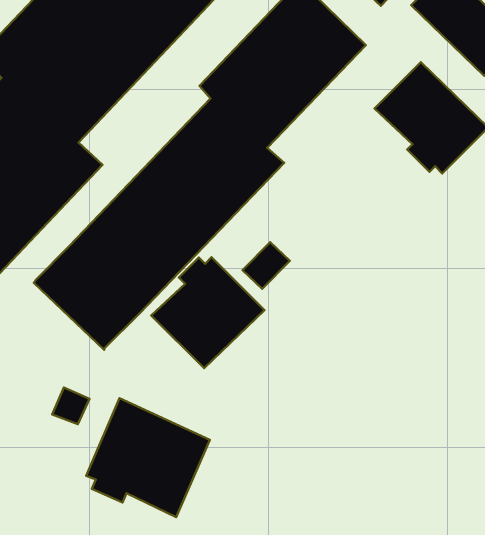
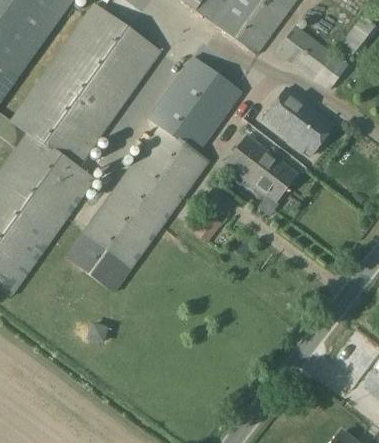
building: none -> [225,135,297,207]
building: [151,257,265,368] -> none
building: [86,398,210,517] -> none

